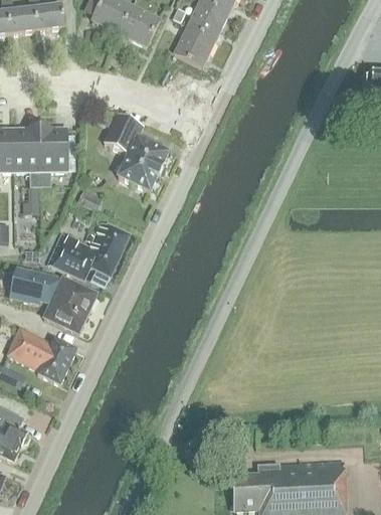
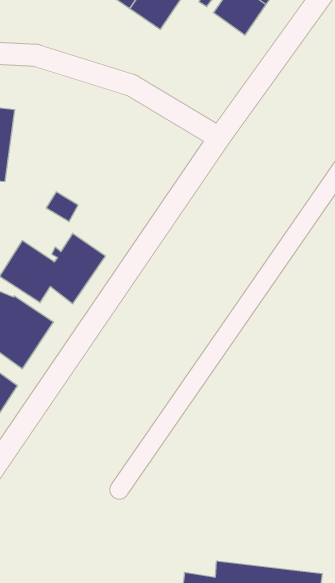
building: [173,25,214,66] -> none
building: [104,114,168,191] -> none
building: [39,128,67,186] -> none

